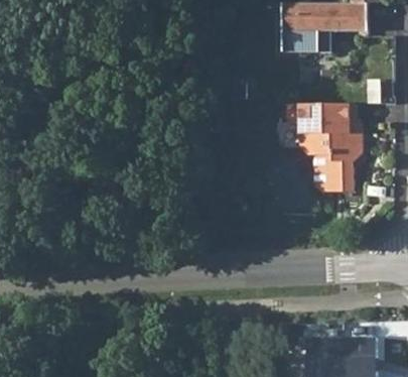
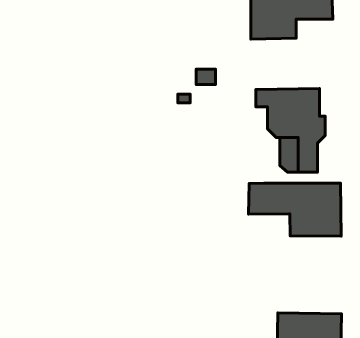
building: none -> [248,183,341,236]

